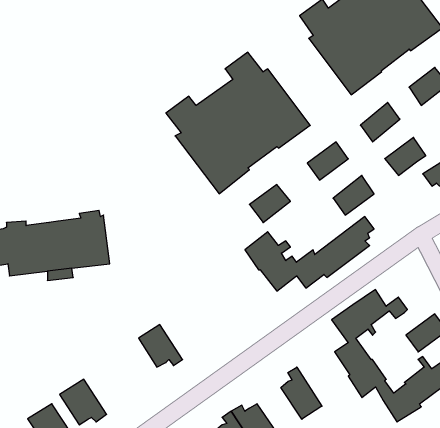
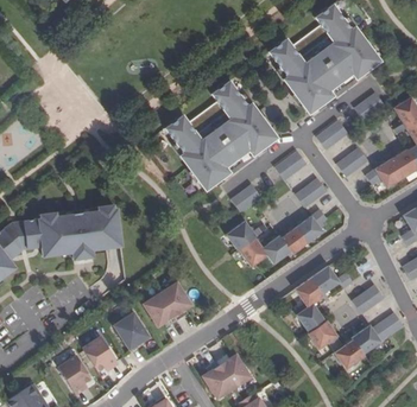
building: none -> [160,282,192,320]
building: none -> [115,312,150,354]
building: [281,367,322,419] -> none

